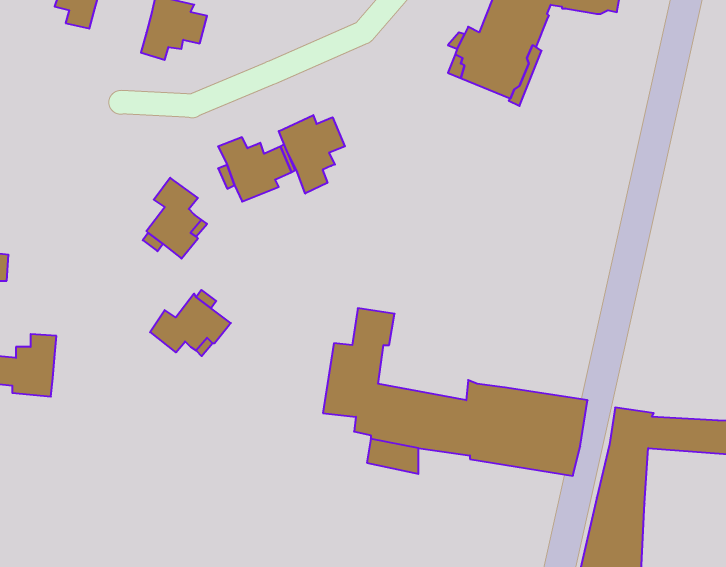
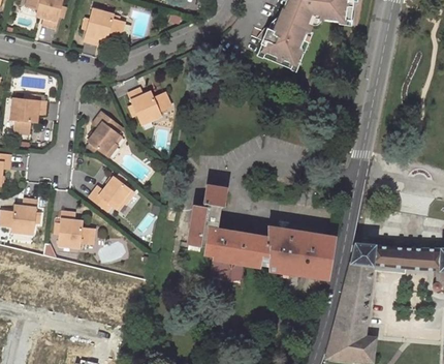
building: [279,115,345,194] -> none
building: none -> [10,97,46,130]
building: none -> [59,211,92,246]

